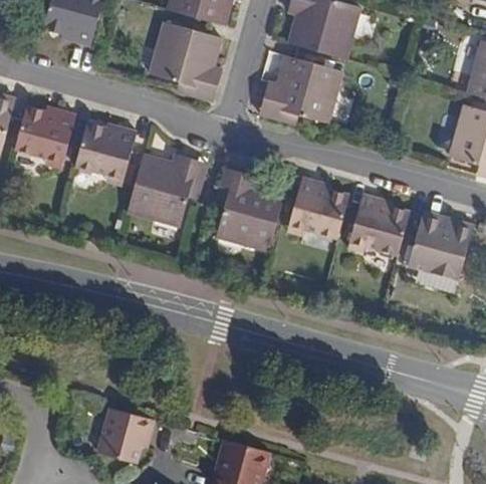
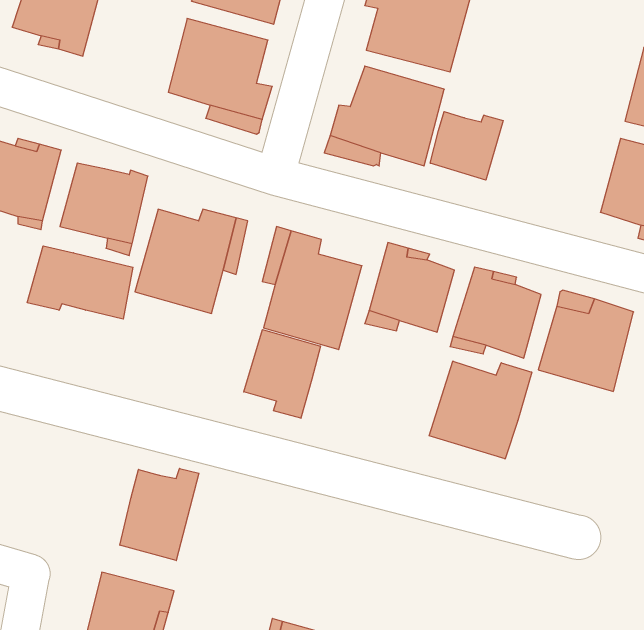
building: none -> [430,112,503,180]
building: none -> [27,246,133,319]
building: none -> [244,330,320,418]
building: none -> [429,361,532,459]
building: none -> [120,468,199,561]

